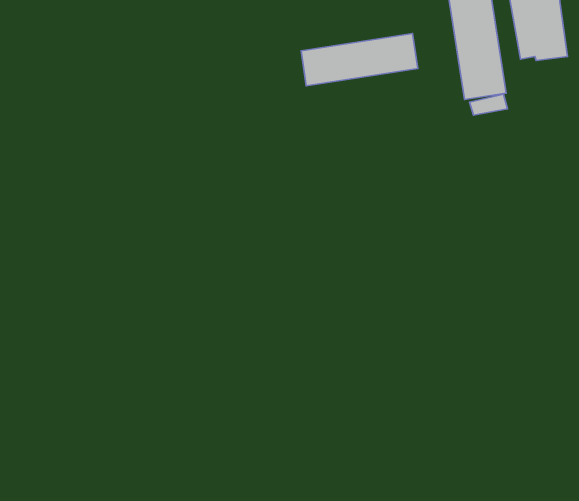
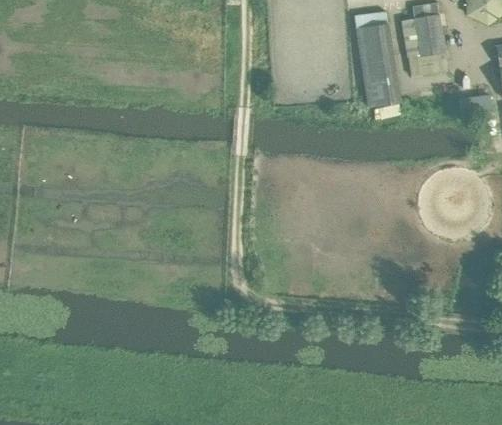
building: [301,34,418,86] -> none

